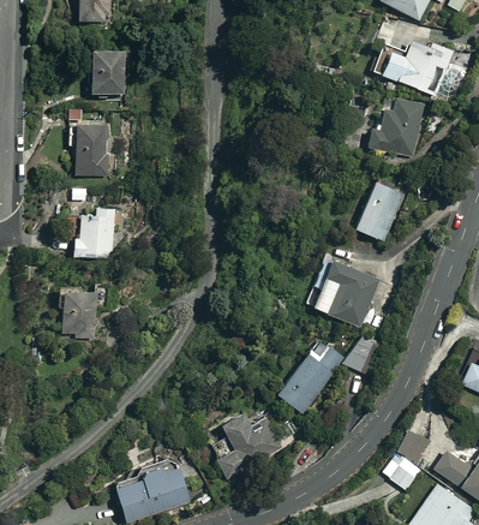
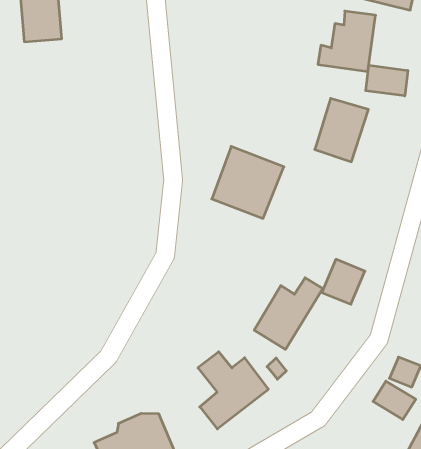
building: [68,123,112,175] -> none
building: none -> [366,65,408,96]
building: [66,207,115,257] -> none
building: [309,256,381,328] -> [212,146,284,218]
building: [56,282,96,339] -> none

